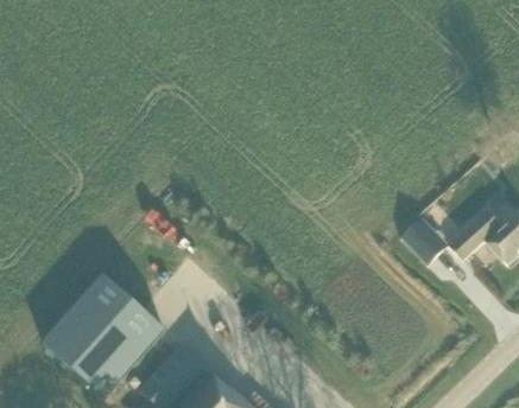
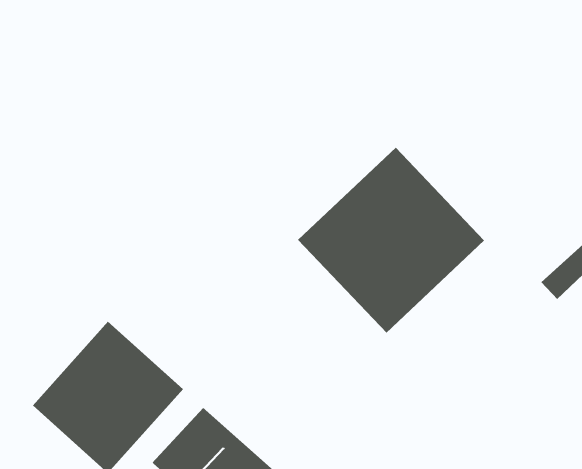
building: none -> [297,147,485,333]
building: [400,217,441,257] -> none

